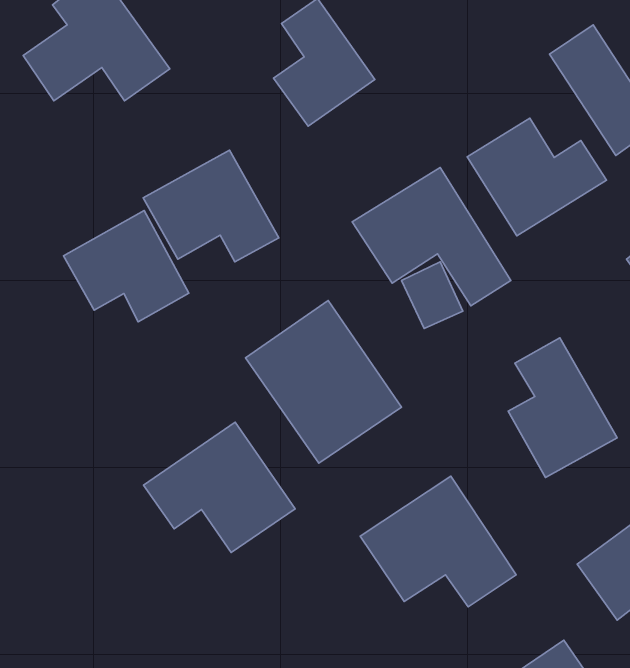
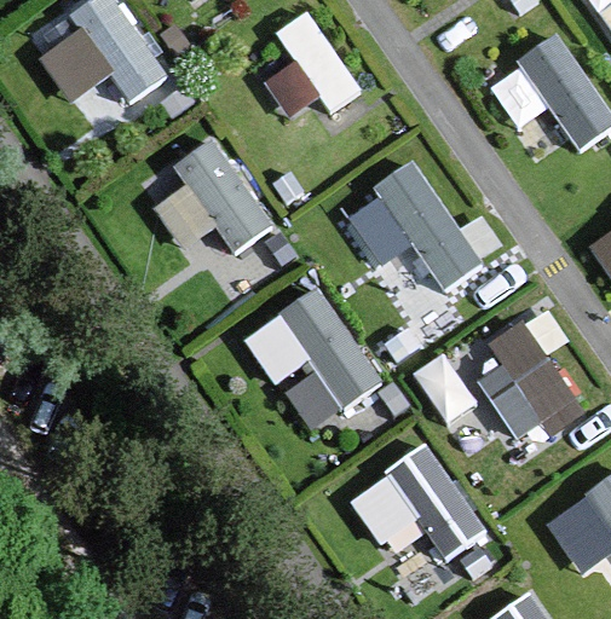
building: [467,118,606,236] -> none
building: [64,211,189,322] -> none
building: [143,422,295,552] -> none

